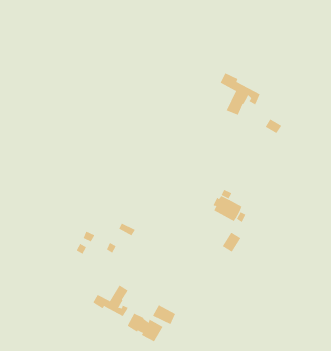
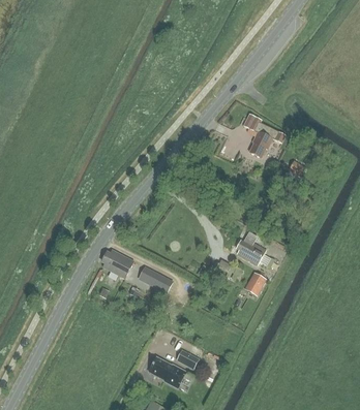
building: none -> [100,249,133,278]
building: [93,284,129,317] -> none

